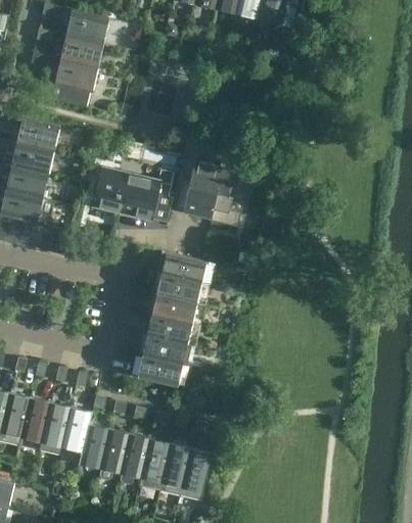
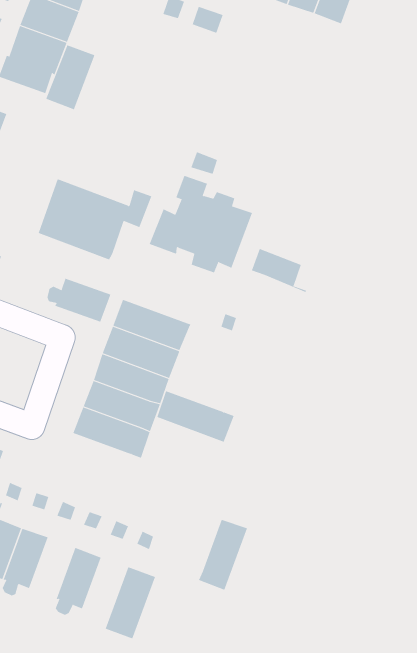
building: none -> [45,45,95,110]
building: none -> [251,248,306,293]
building: none -> [47,278,111,323]
building: [132,353,189,386] -> [157,391,234,442]
building: [119,432,148,483] -> none
building: [157,442,189,494] -> [198,519,248,591]

